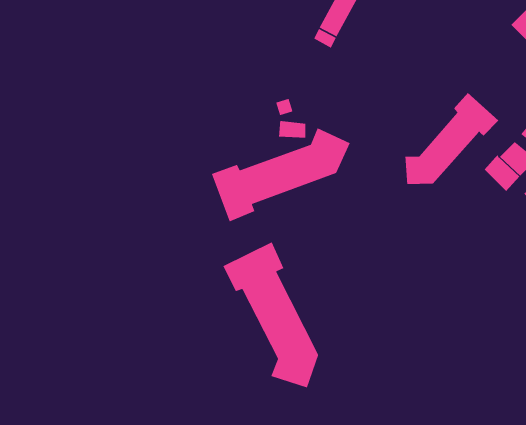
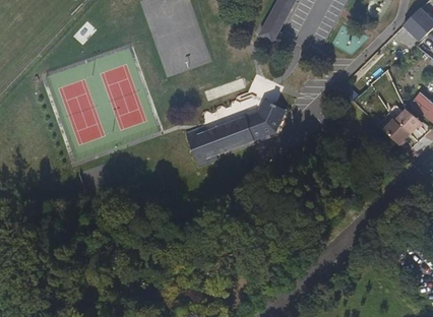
building: [404,92,499,185] -> none
building: [222,241,319,388] -> none

